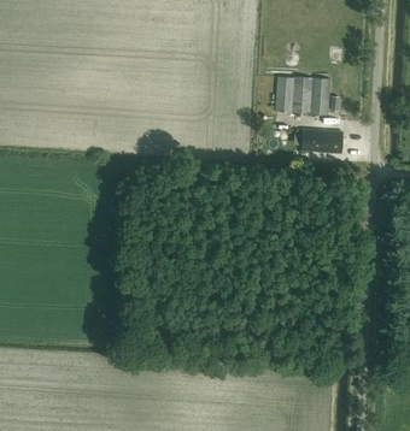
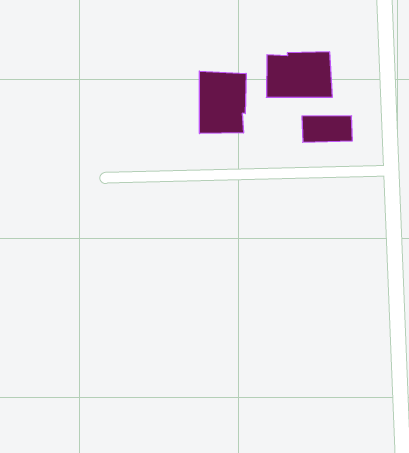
building: none -> [199,71,246,134]

